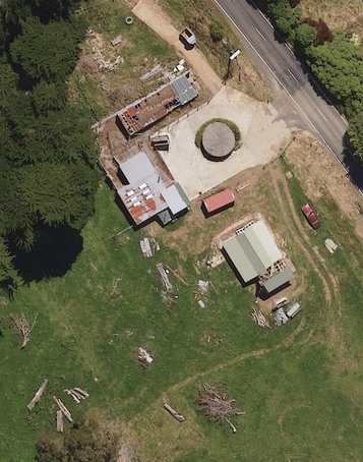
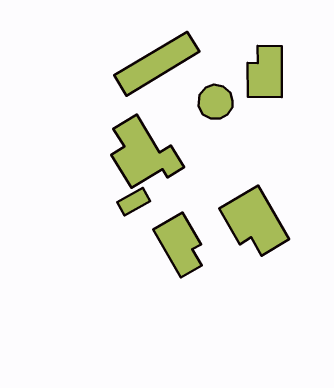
building: none -> [248,46,282,97]
building: none -> [153,213,202,277]

